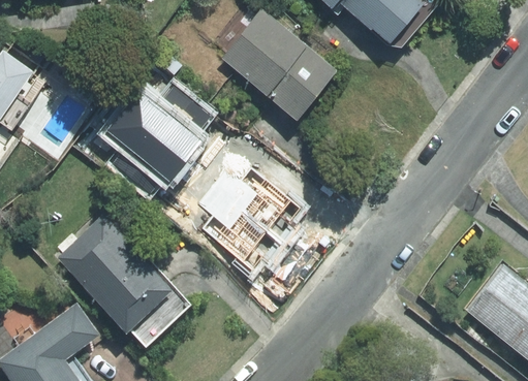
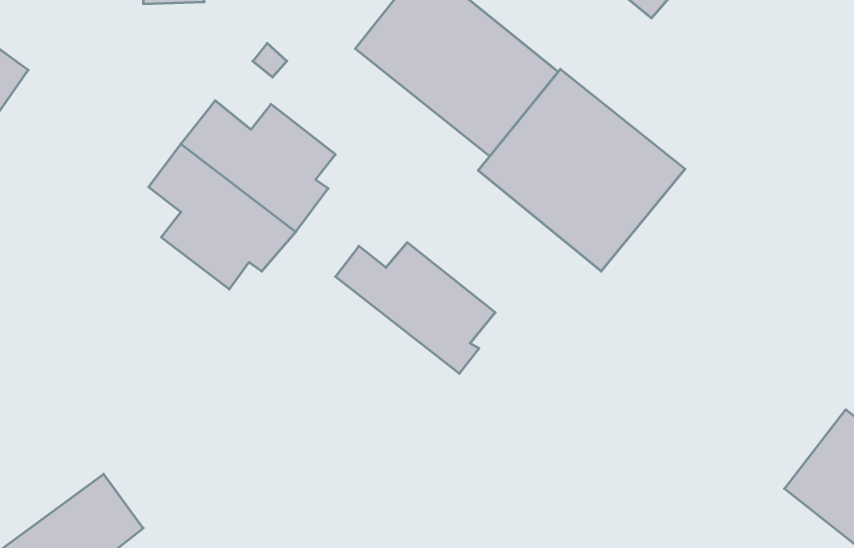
building: none -> [478,69,685,271]
building: [196,189,281,274] -> none
building: [59,213,178,332] -> none

